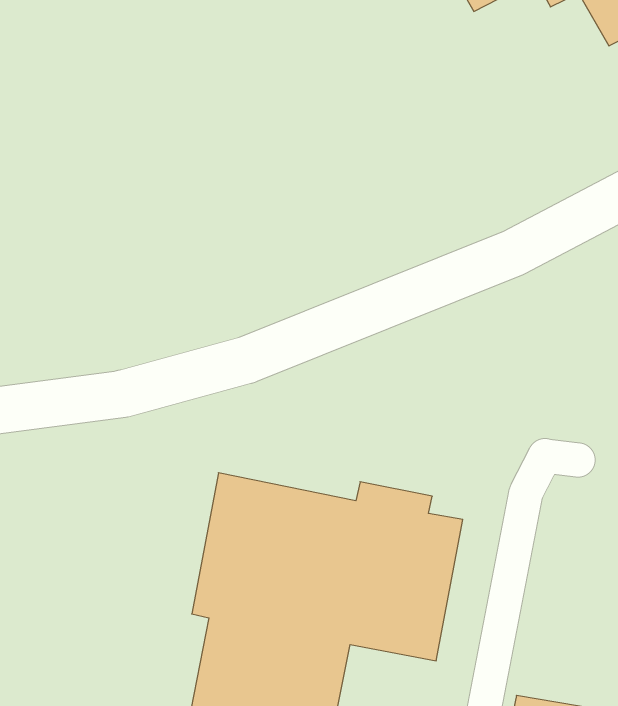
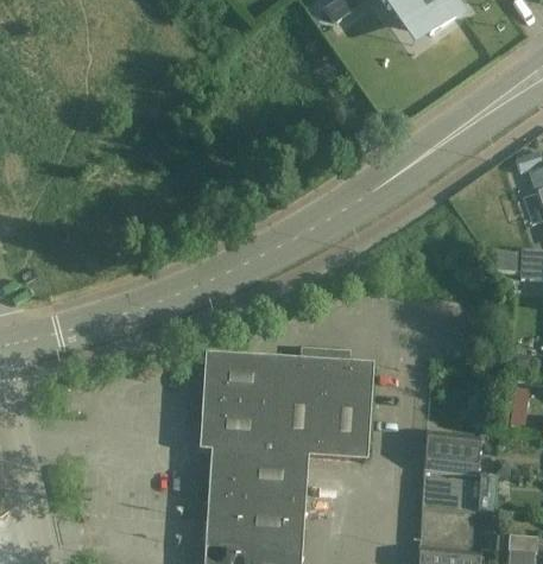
building: none -> [424,431,478,464]

